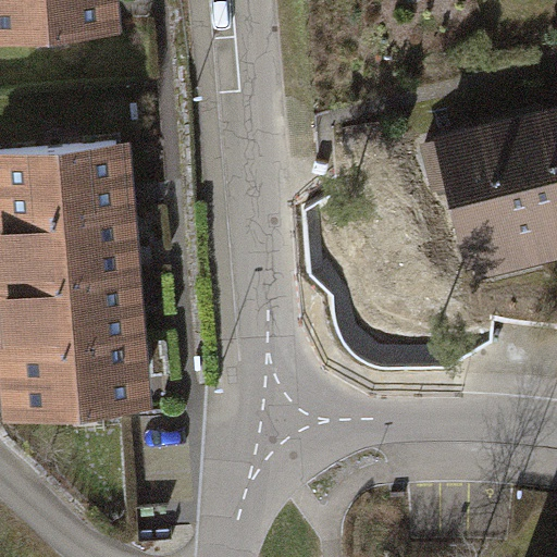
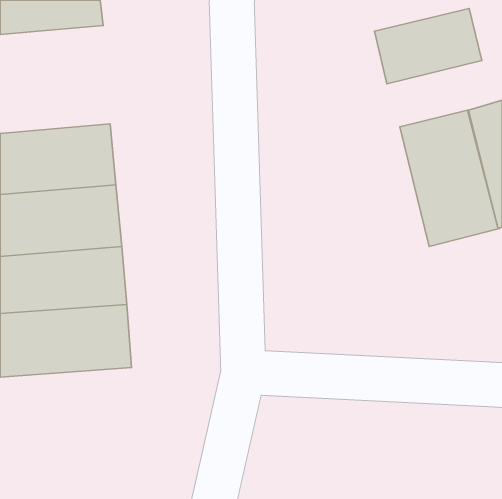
building: none -> [374,9,482,84]

